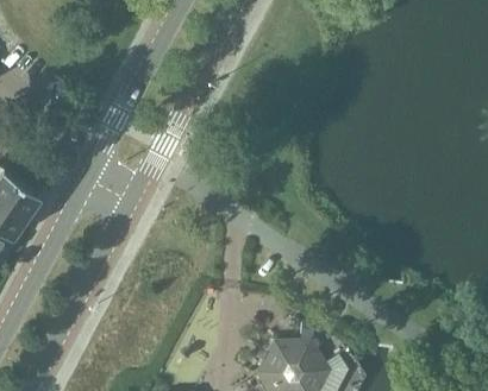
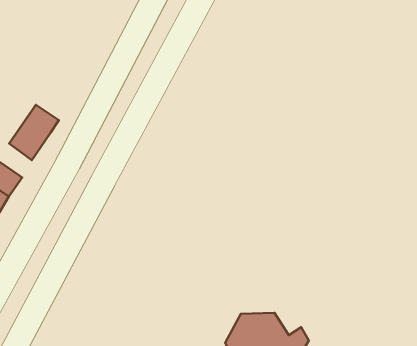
building: none -> [9,105,59,160]

